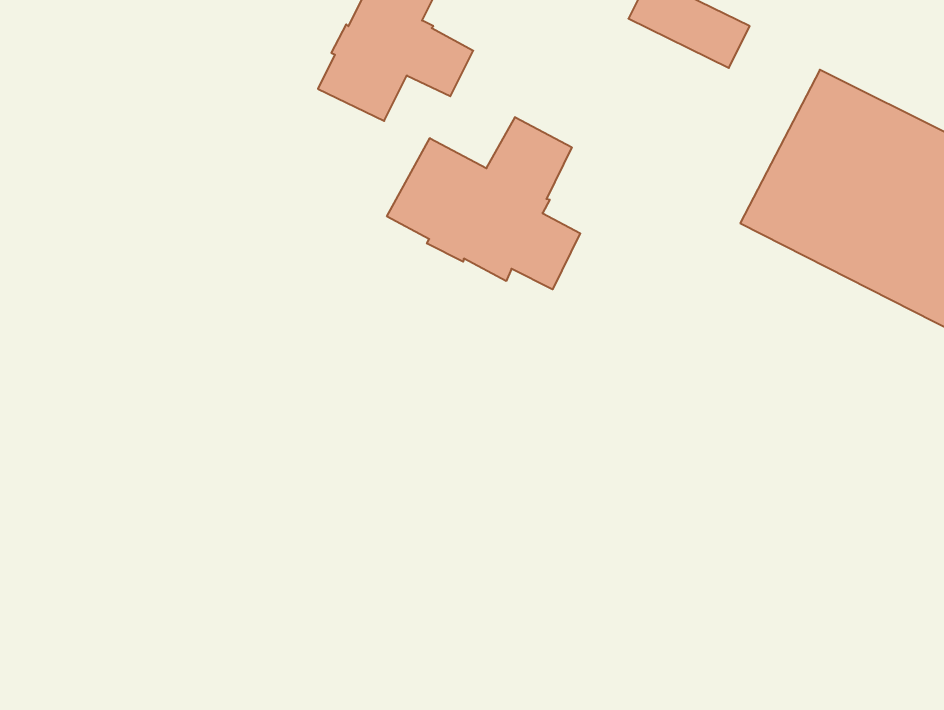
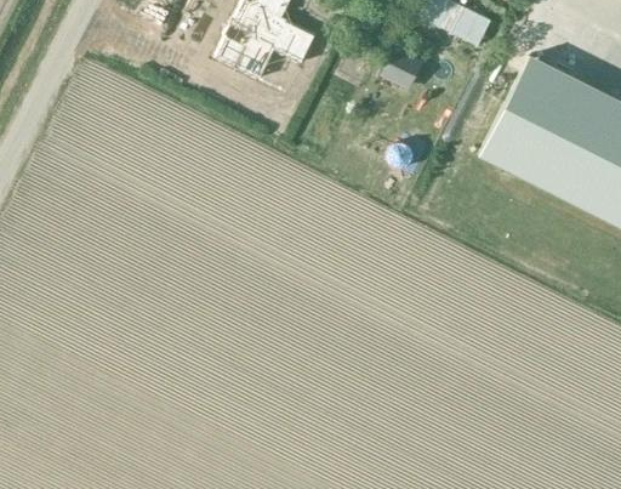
building: none -> [380,55,418,93]
building: [387,117,580,289] -> none

